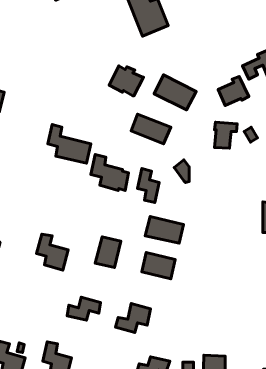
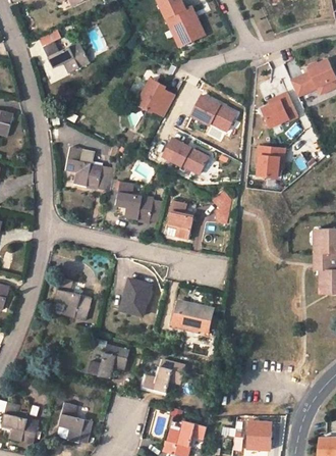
building: none -> [43,42,90,72]
building: [145,216,184,243] -> none

